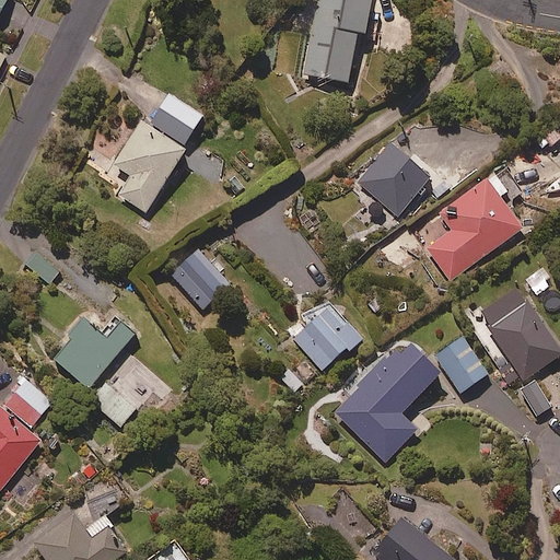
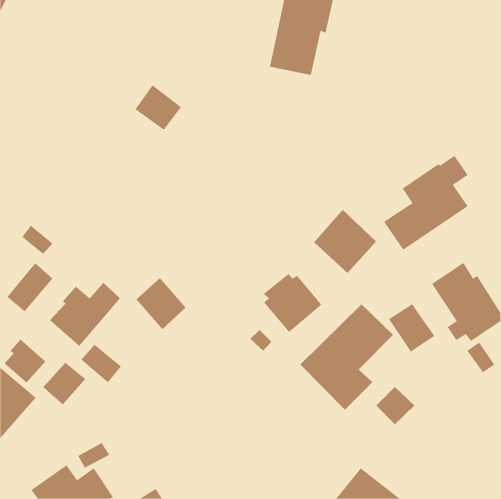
building: [114,125,185,213] -> none
building: [359,141,430,213] -> [313,209,377,274]
building: [171,250,228,310] -> [136,277,187,330]
building: none -> [6,263,53,312]
building: none -> [43,362,86,405]
building: none -> [375,386,415,425]

